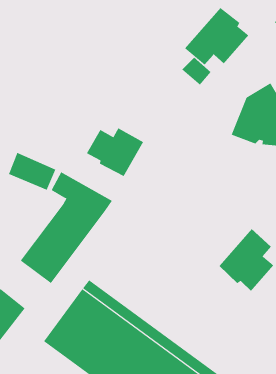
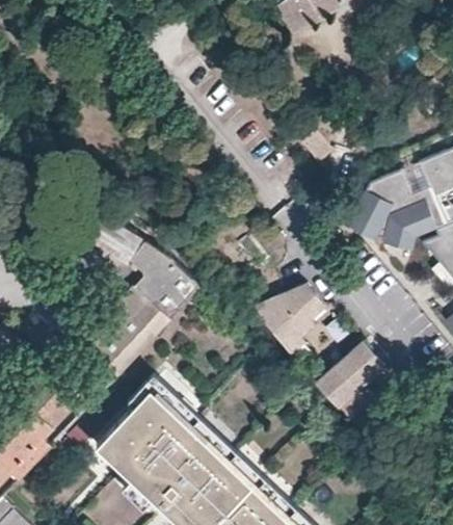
building: [184,7,249,66] -> none
building: [86,128,144,177] -> none
building: none -> [258,287,326,352]

